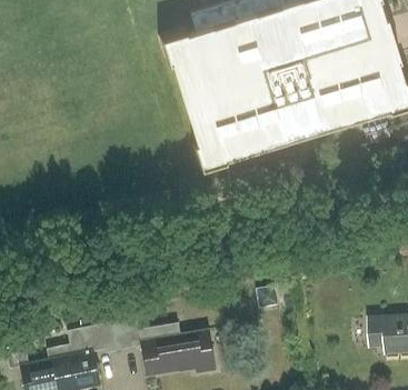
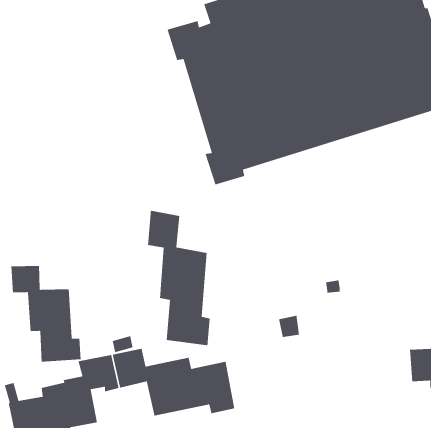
building: none -> [147,210,210,346]
building: none -> [11,265,81,362]

